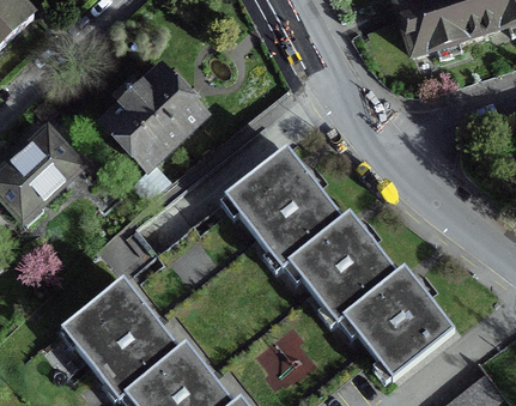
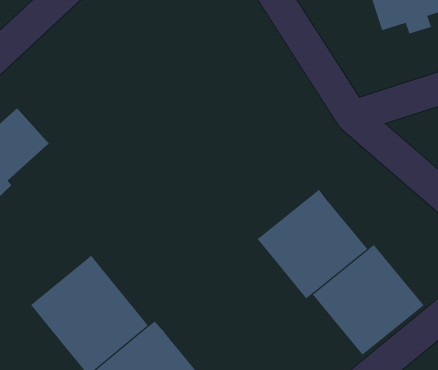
building: [107,68,201,165] -> none
building: [224,146,344,266] -> none

